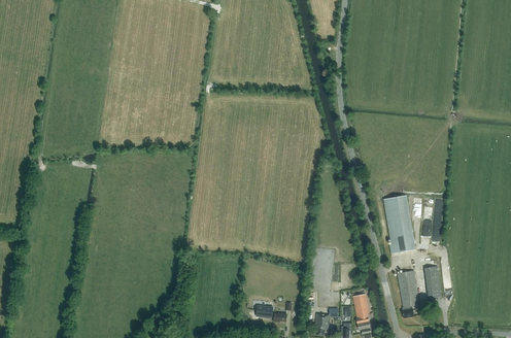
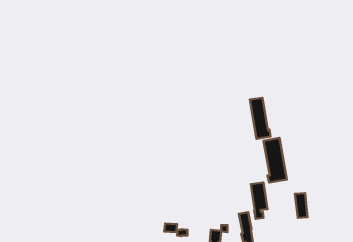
building: none -> [250,98,270,139]
building: [398,270,419,316] -> [251,183,268,219]

